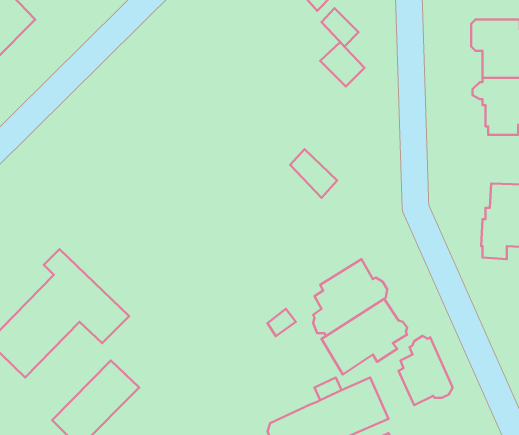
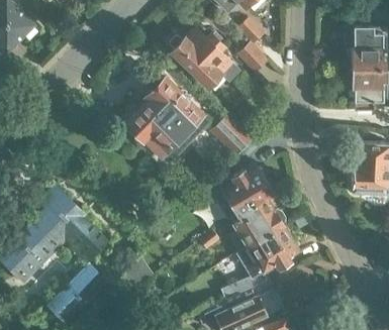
building: none -> [167,29,234,88]
building: none -> [127,80,210,158]
building: none -> [214,163,274,220]
building: [398,336,453,405] -> none

